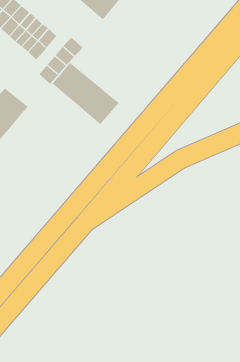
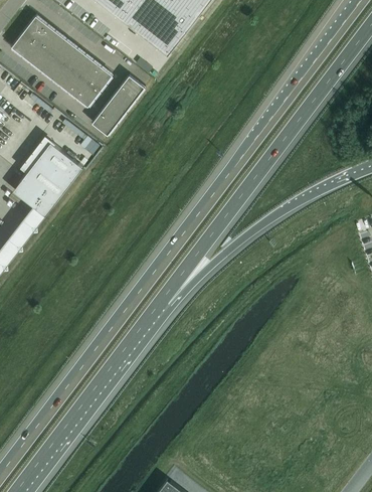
building: [52,62,119,125] -> none

